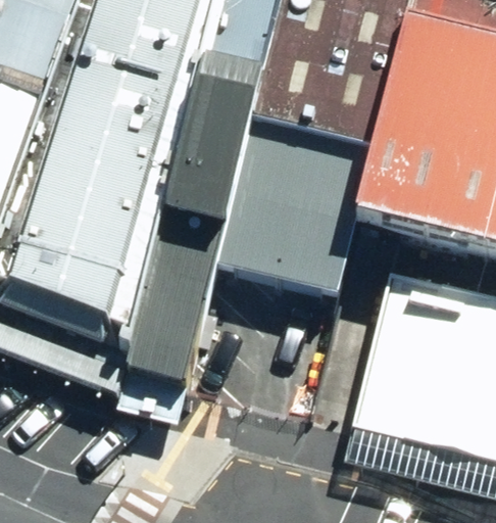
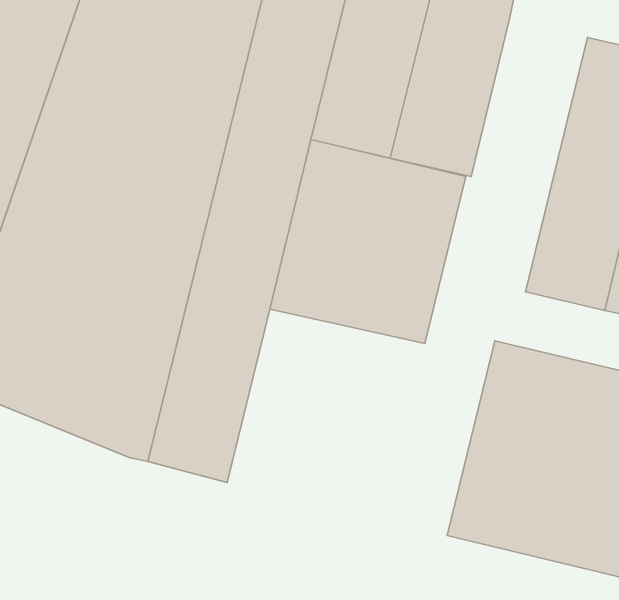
building: [358,25,466,235] -> none

